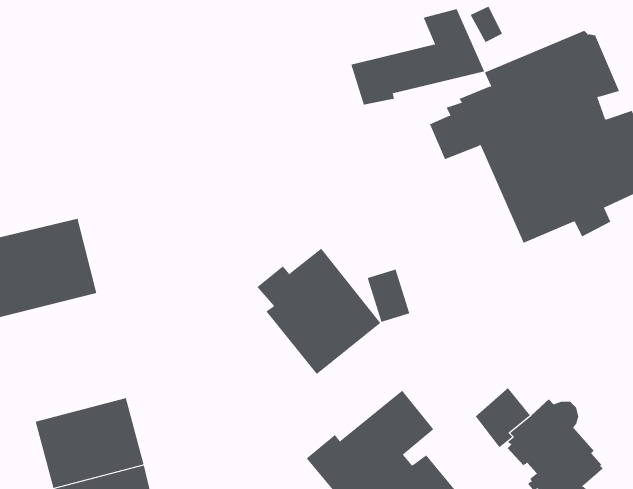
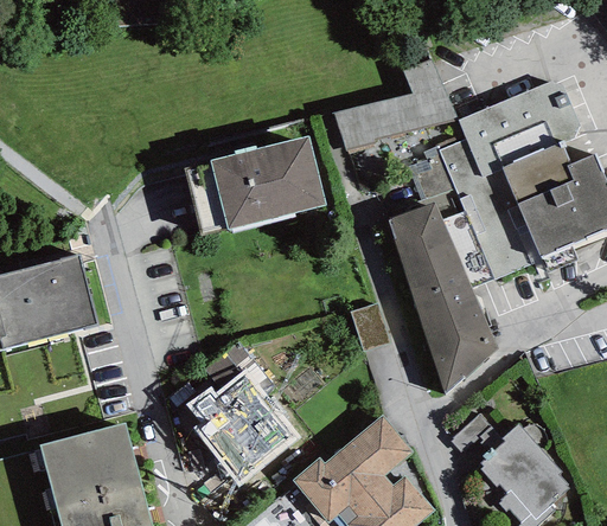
building: none -> [209,135,326,229]
building: none -> [388,203,497,394]
building: [257,248,381,375] -> [184,368,300,487]

